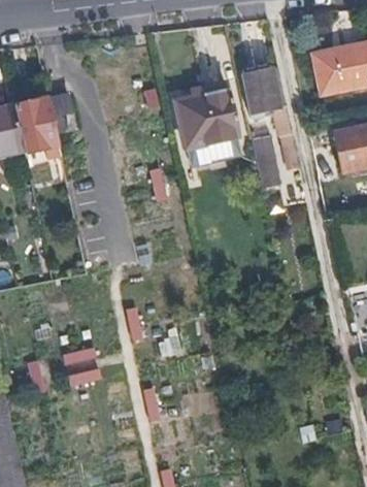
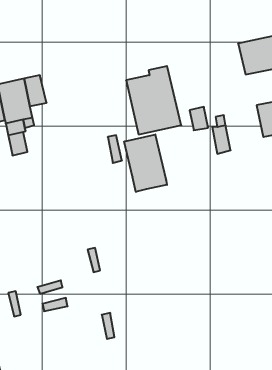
building: [241,67,291,134] -> none
building: none -> [124,134,167,192]

